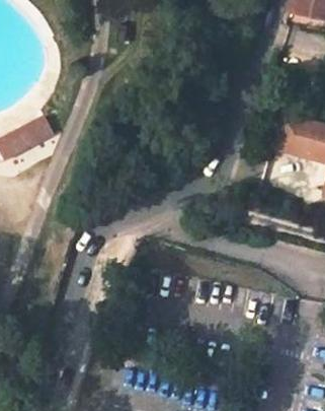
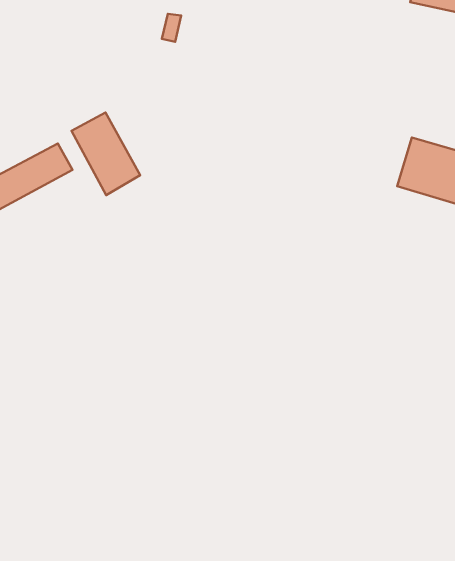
building: none -> [72,113,140,195]

